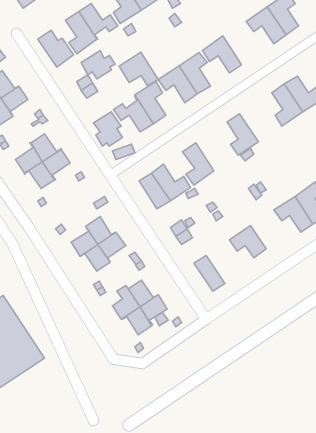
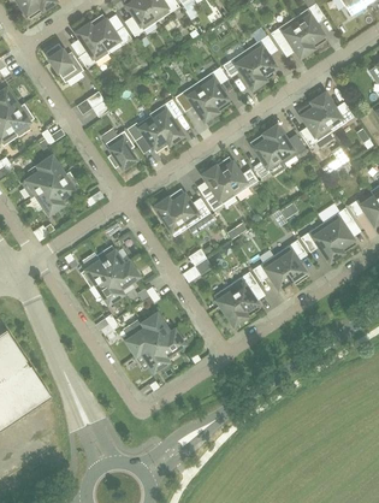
building: none -> [244,34,276,79]
building: [81,50,115,79] -> none
building: [119,52,158,86] -> none
building: none -> [262,123,306,162]
building: none -> [215,155,257,194]
building: none -> [274,238,308,283]
building: none -> [226,270,260,315]

